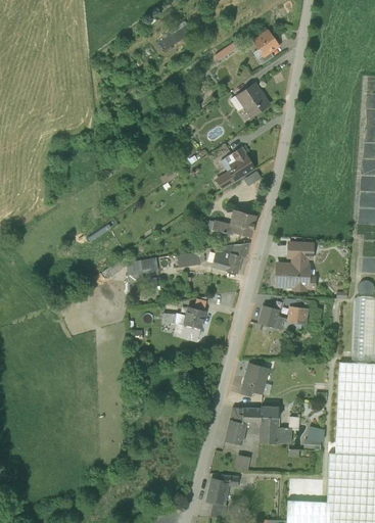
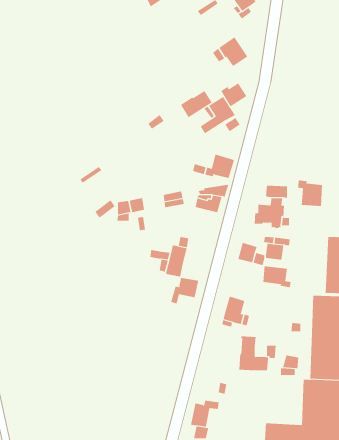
building: none -> [221,83,247,107]
building: none -> [180,90,212,118]
building: none -> [298,179,322,207]
building: none -> [263,265,291,288]
building: none -> [171,277,199,304]
building: [226,408,263,444] -> none

